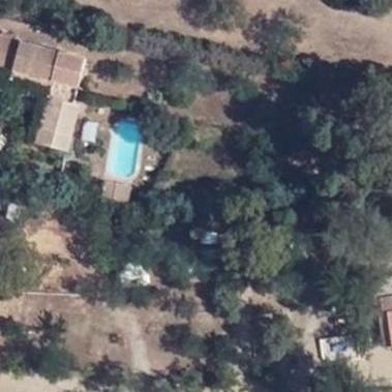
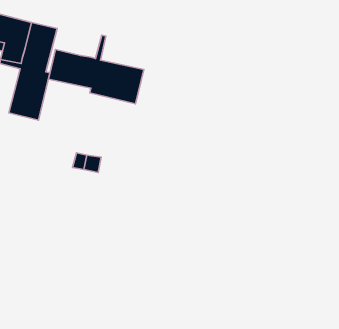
building: none -> [48,35,144,104]

